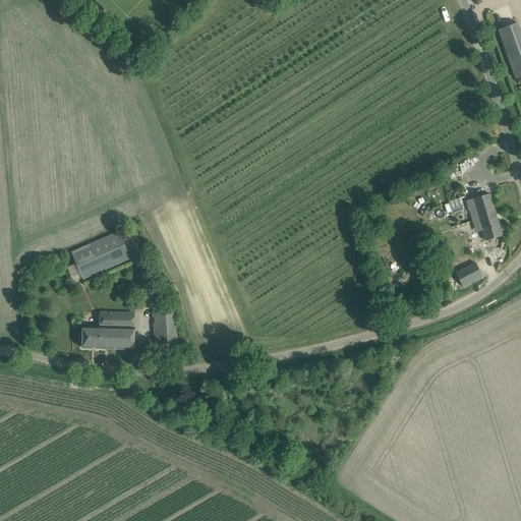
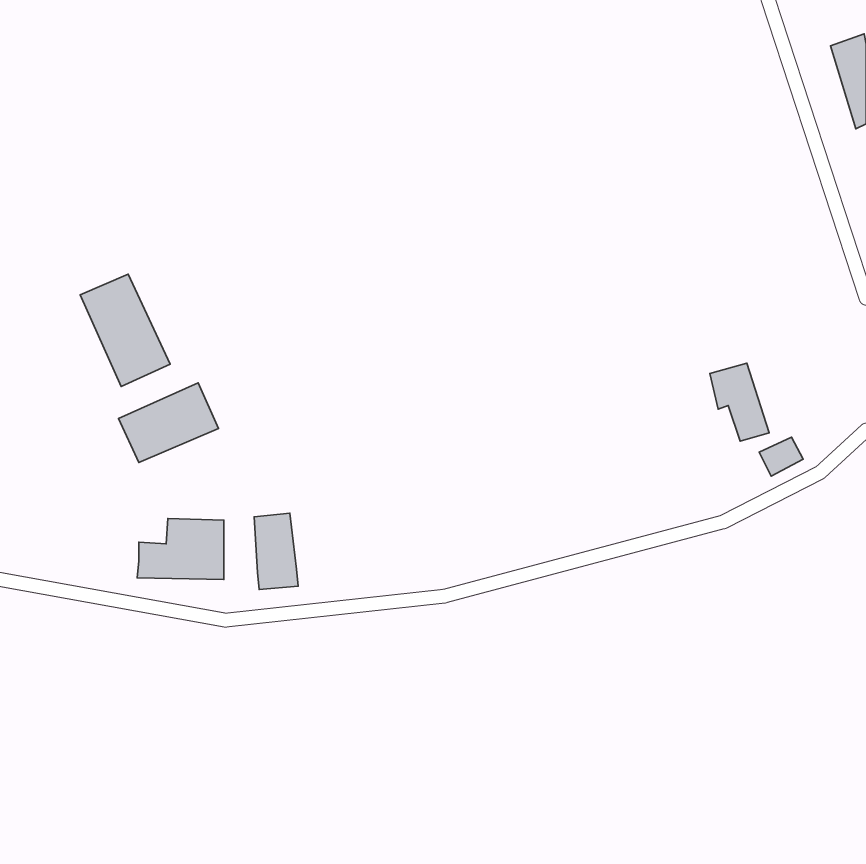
building: none -> [80,274,170,386]
building: [467,193,503,240] -> [710,363,769,441]

